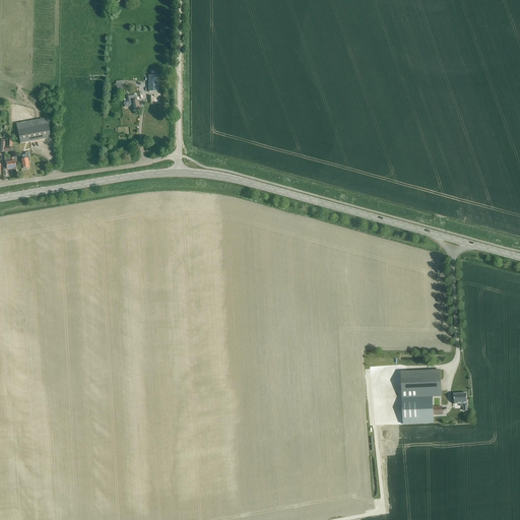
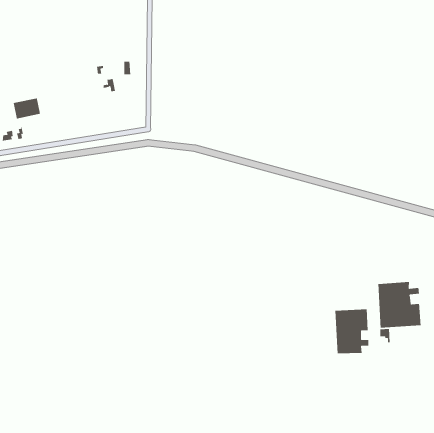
building: none -> [378,281,421,328]

